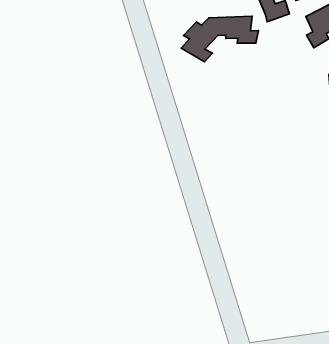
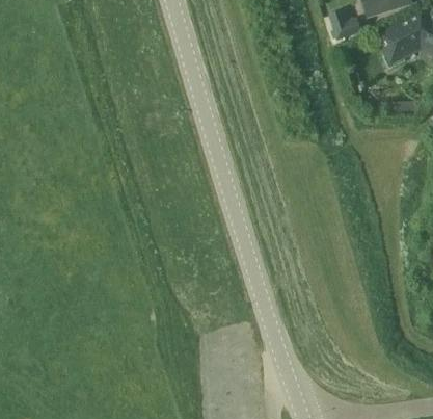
building: [181,16,258,62] -> none

